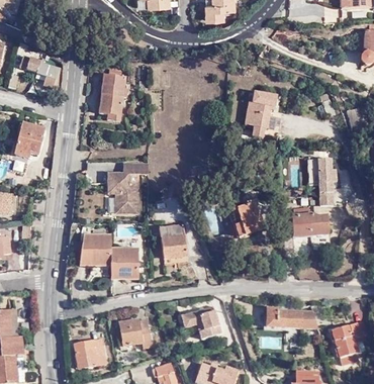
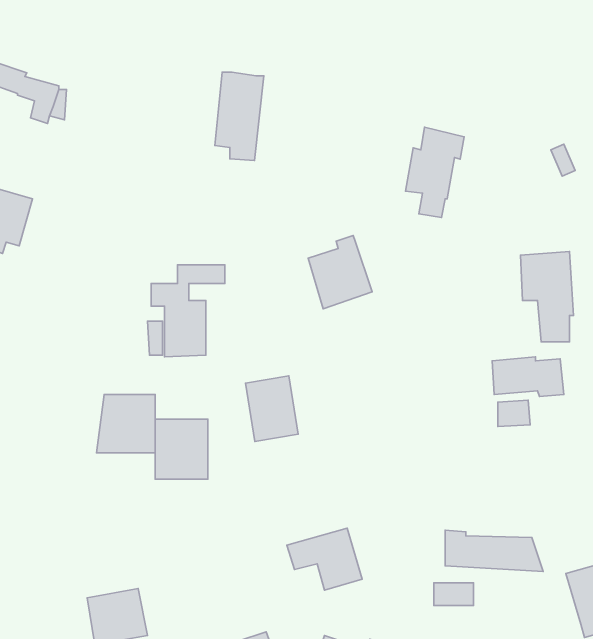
building: [99,74,125,121] -> [215,72,264,161]
building: [228,198,263,237] -> [308,235,372,309]
building: [118,317,151,348] -> none

